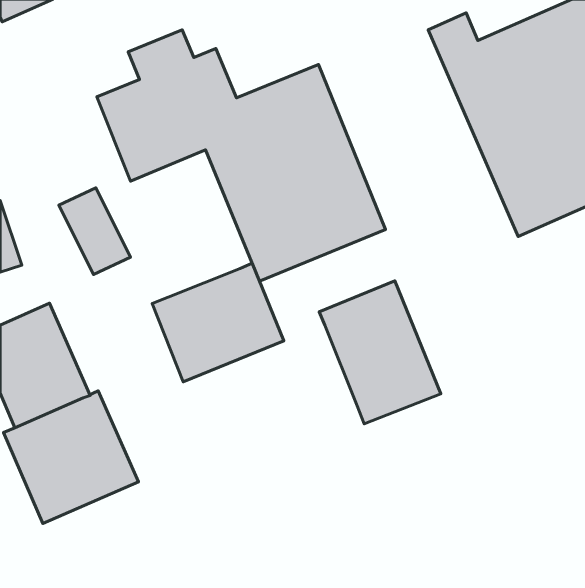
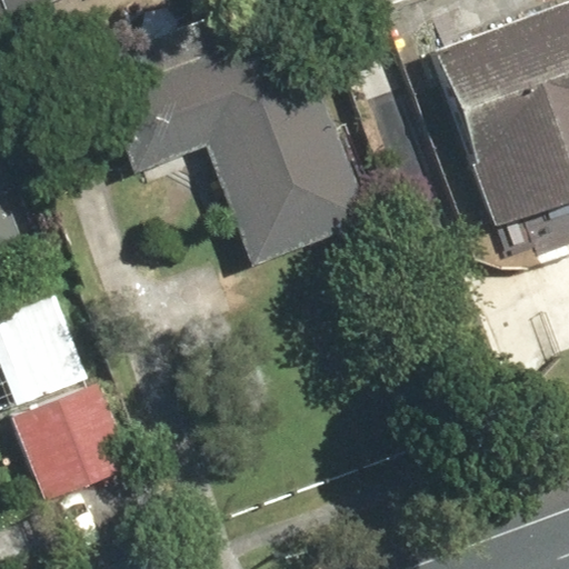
building: [152,263,284,382] -> none
building: [319,281,441,424] -> none

